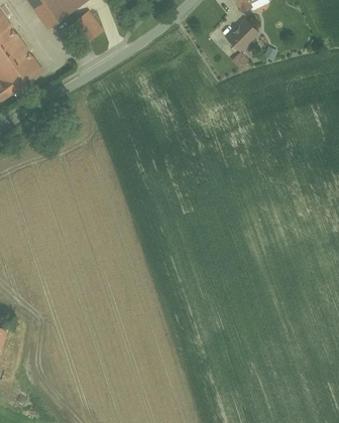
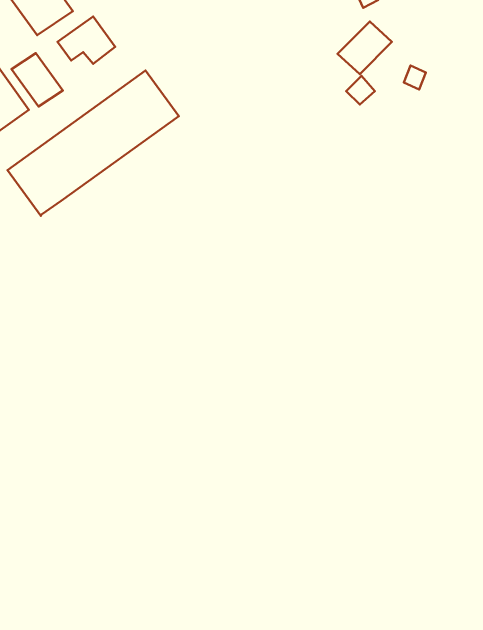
building: none -> [12,53,63,107]
building: none -> [8,71,179,216]

